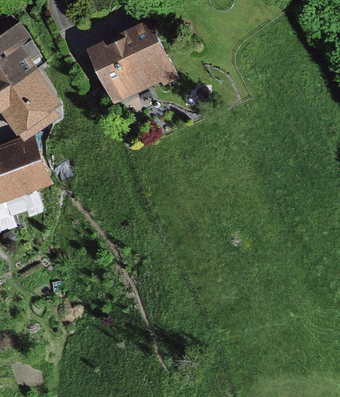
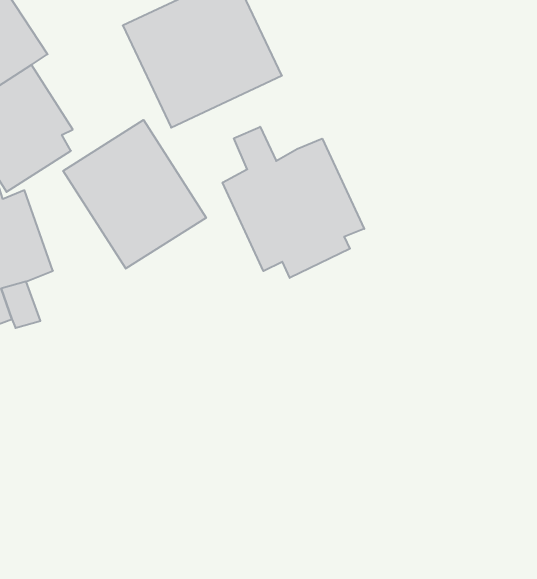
building: none -> [63,120,206,269]
building: none -> [223,127,364,278]

